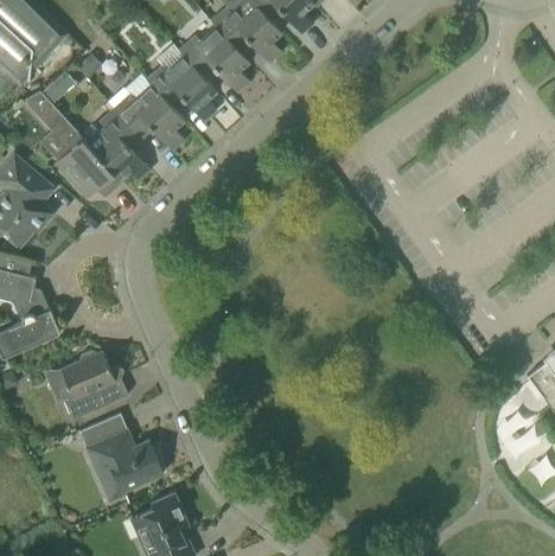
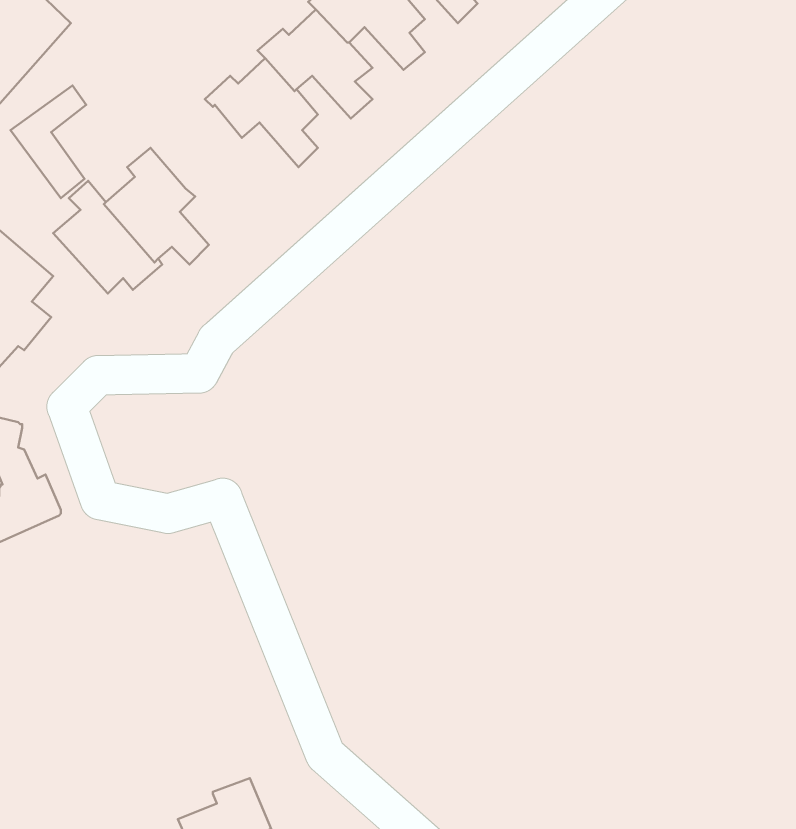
building: [114,75,184,151] -> none
building: [59,347,128,420] -> none
building: [79,414,162,501] -> none

